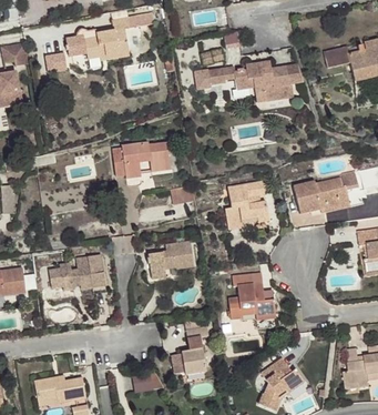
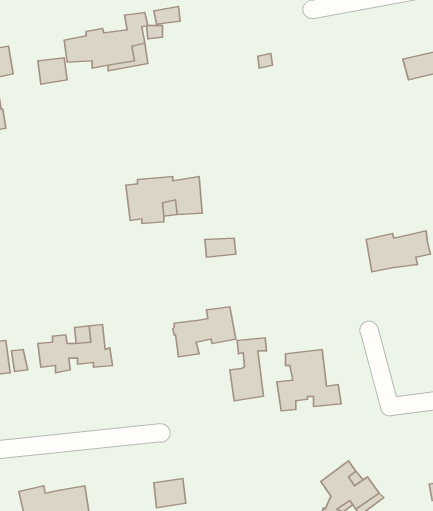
building: [211,63,304,102] -> none
building: [226,182,268,229] -> none
building: [178,326,206,374] -> [230,338,267,401]

